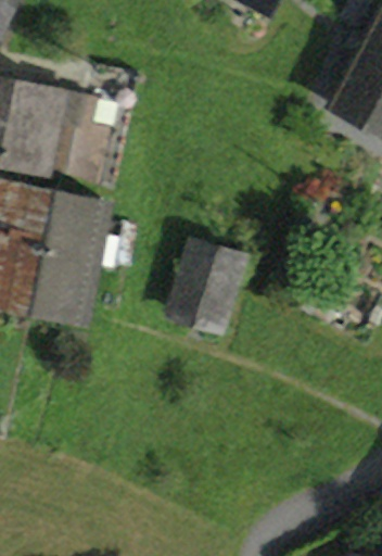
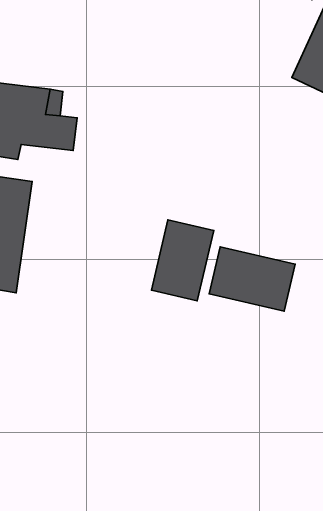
building: [33,194,119,317] -> none
building: none -> [209,247,295,311]

